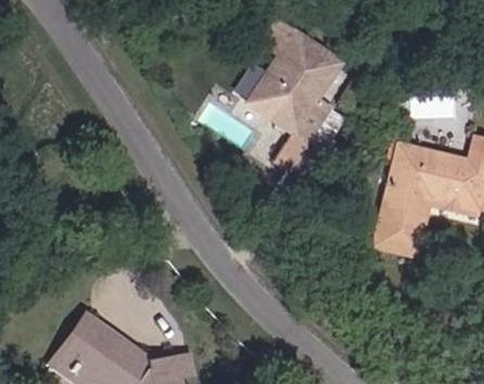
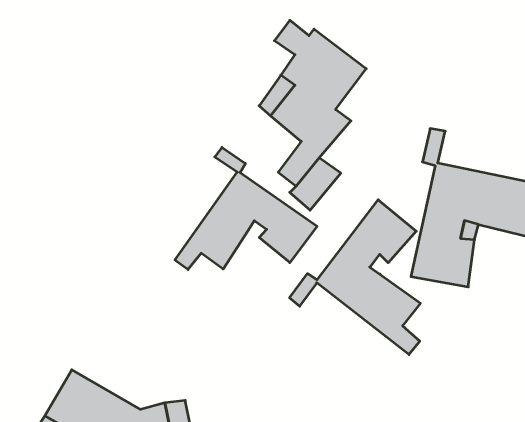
building: none -> [175,147,317,270]
building: none -> [290,200,420,355]

